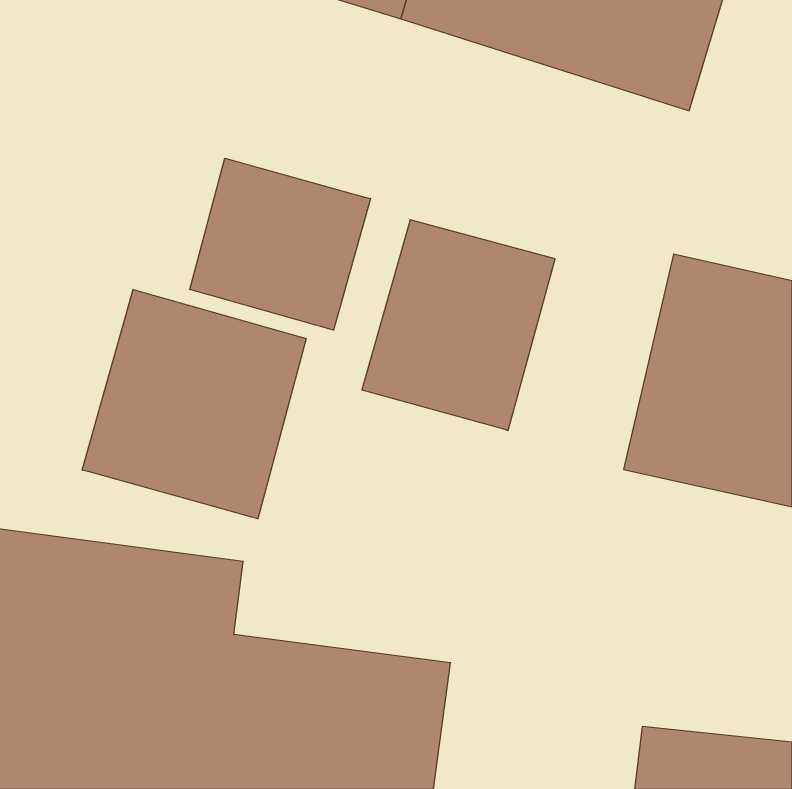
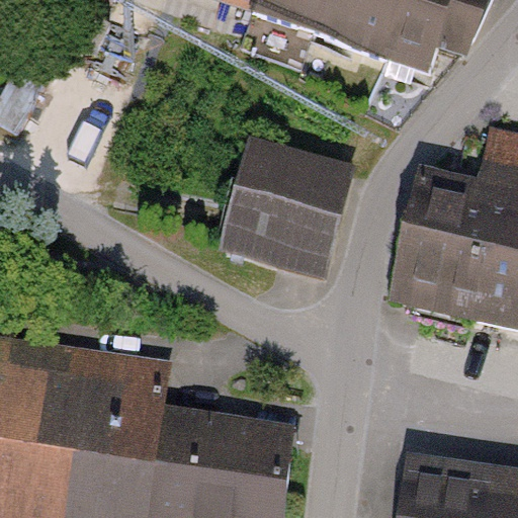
building: [190,158,371,330] -> none
building: [82,289,306,519] -> none

